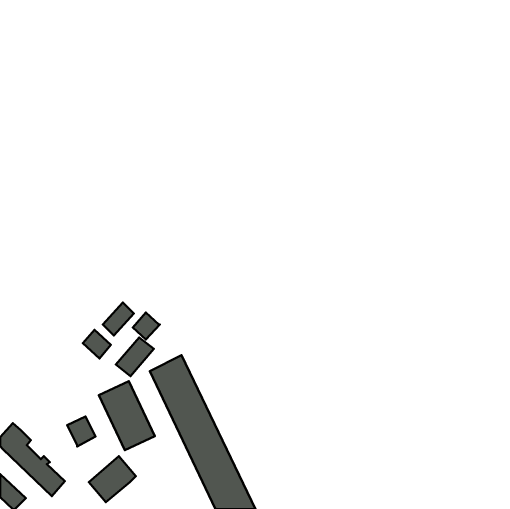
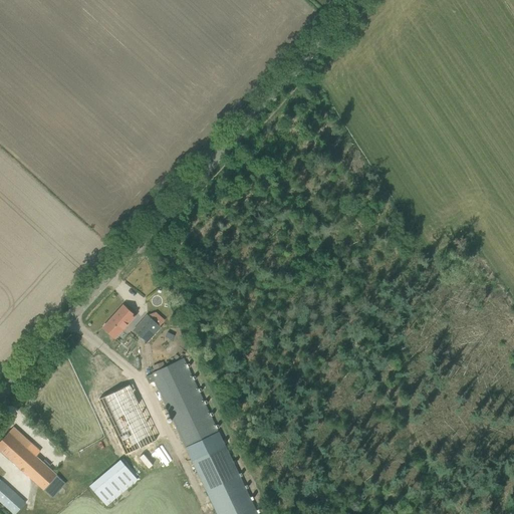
building: [83,330,111,358] -> none
building: [116,337,154,376] -> none
building: [67,417,96,446] -> none

